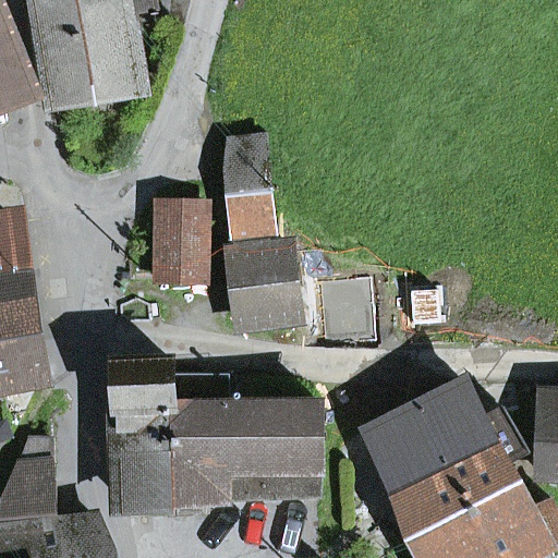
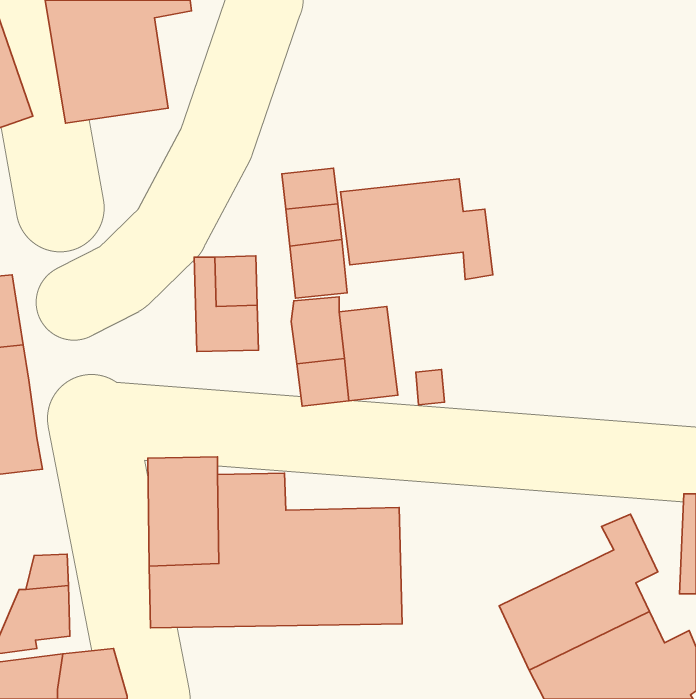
building: none -> [341,179,493,279]
building: [372,386,489,483] -> none

